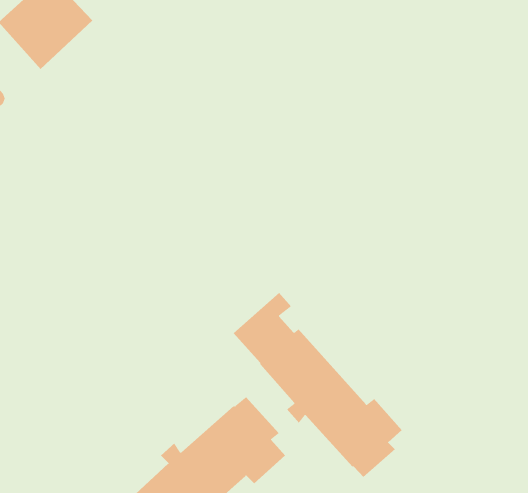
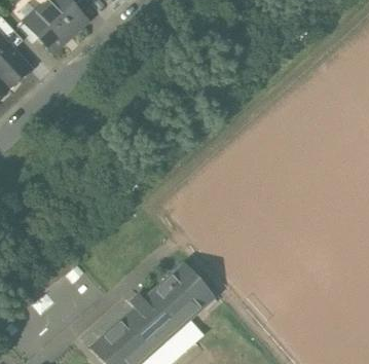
building: [233,292,403,478] -> none

